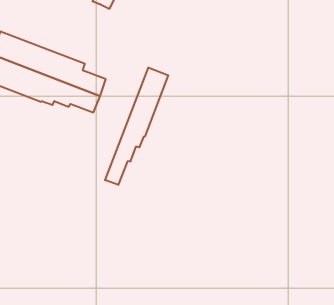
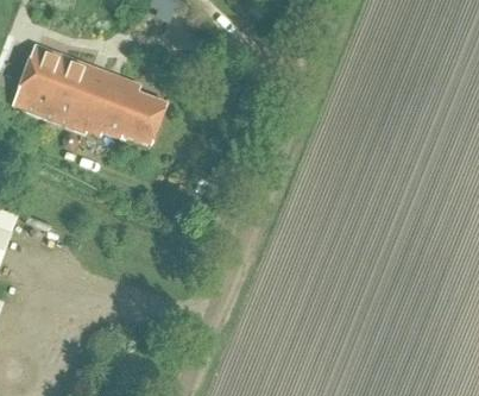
building: [105,68,168,185] -> none

